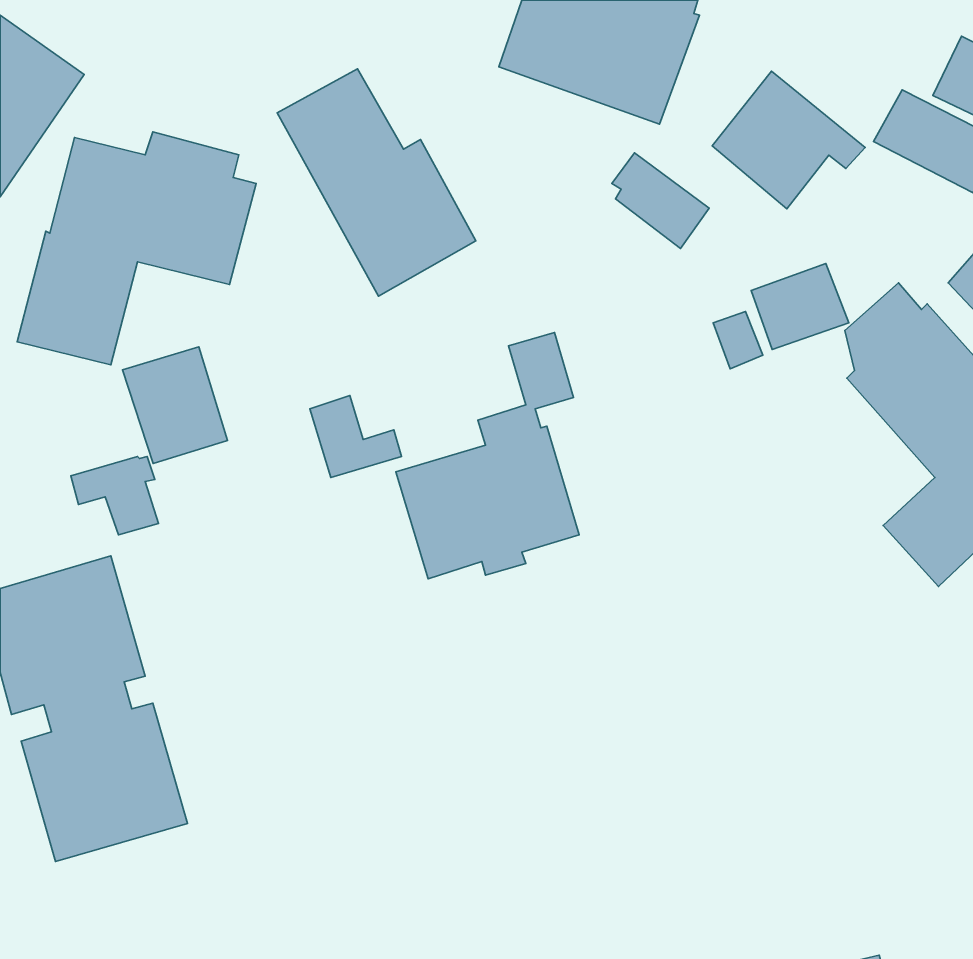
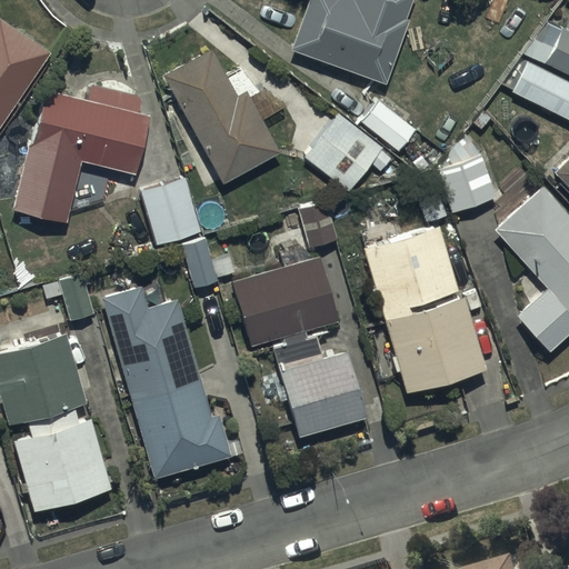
building: [712,71,865,209] -> [305,114,393,194]
building: [122,347,228,463] -> [140,179,201,247]
building: none -> [362,226,485,392]
building: none -> [102,286,242,479]
building: none -> [274,336,365,438]

